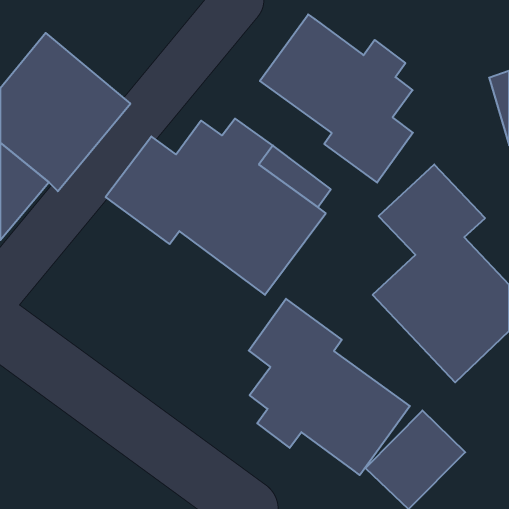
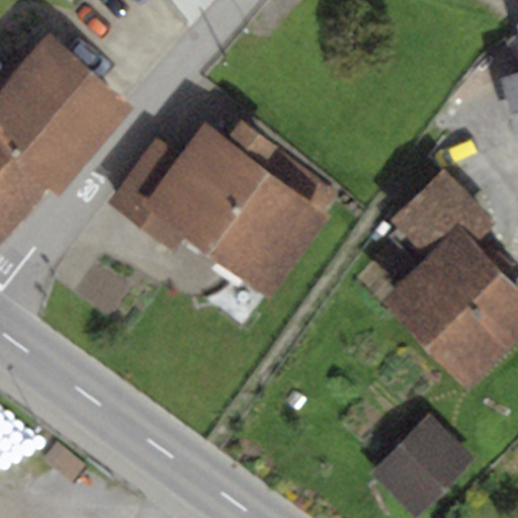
building: [260,14,413,183] -> none
building: [249,299,410,475] -> none

